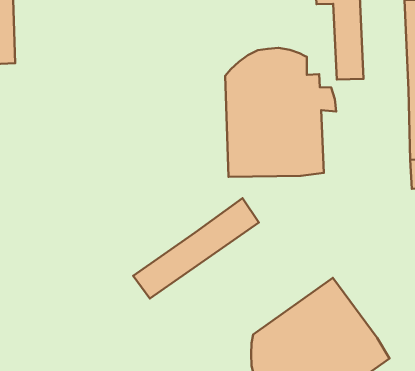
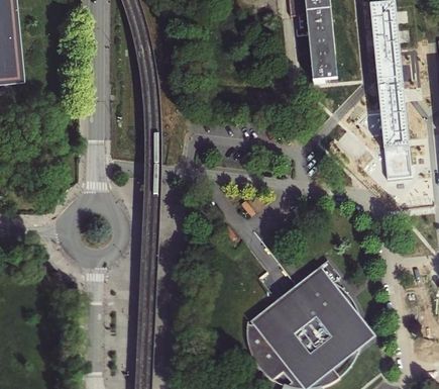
building: [225,48,336,177] -> none
building: [133,198,259,299] -> none

